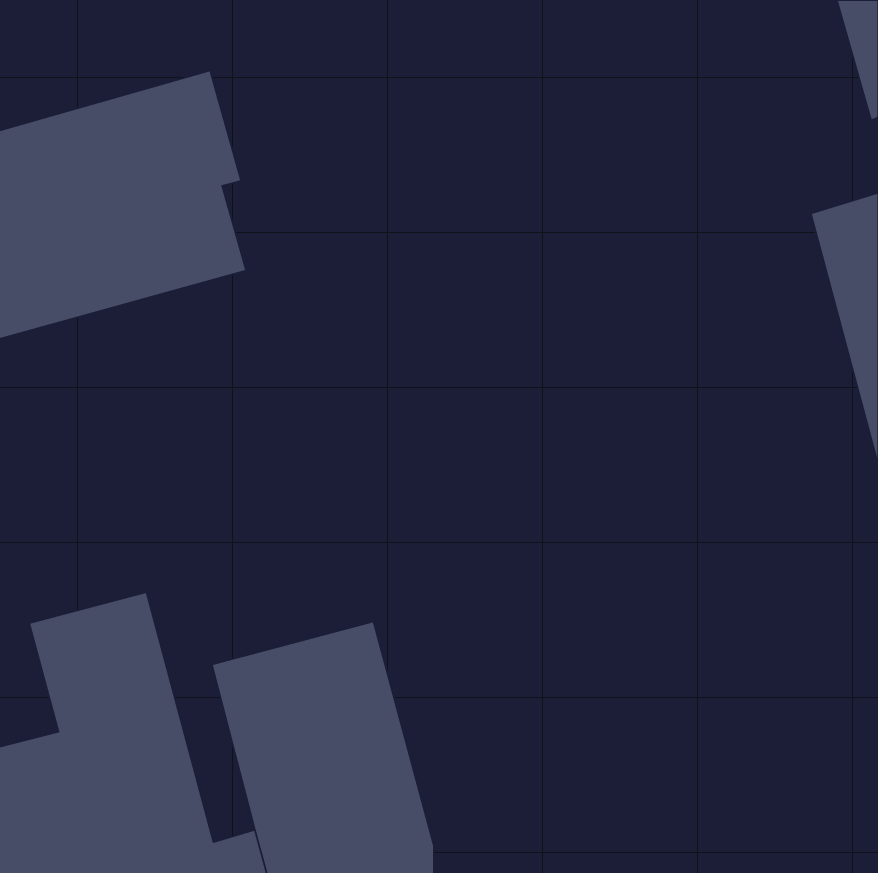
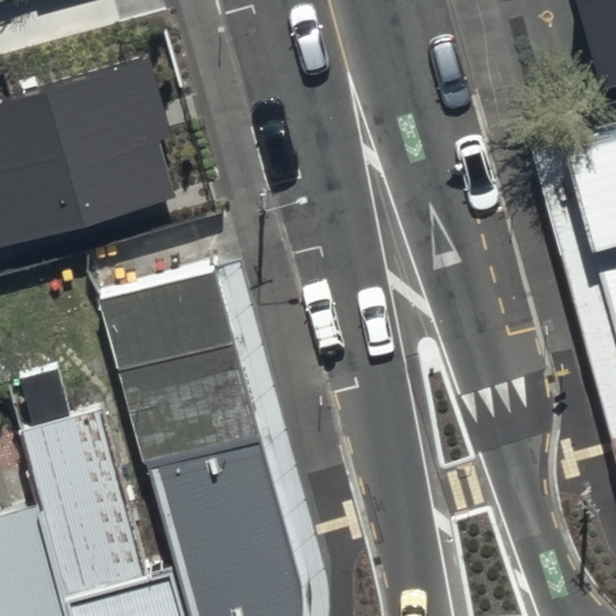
building: none -> [105,278,261,469]

